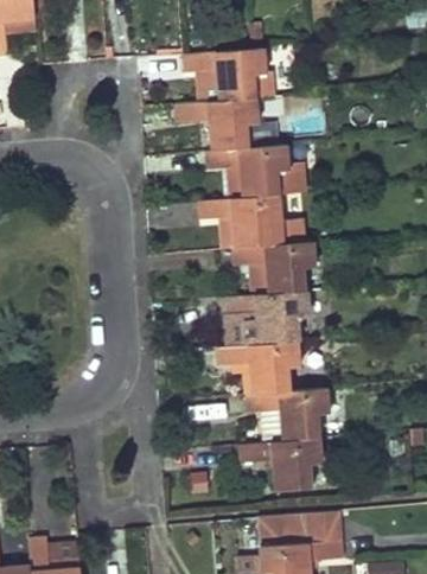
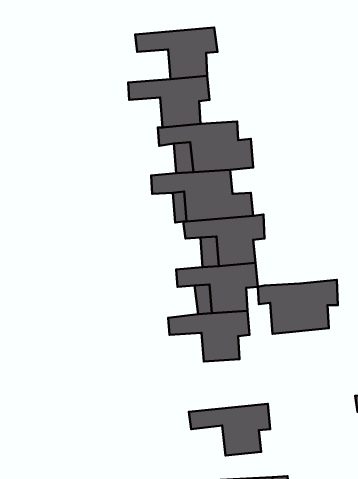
building: [246,388,329,444] -> [258,280,338,334]

